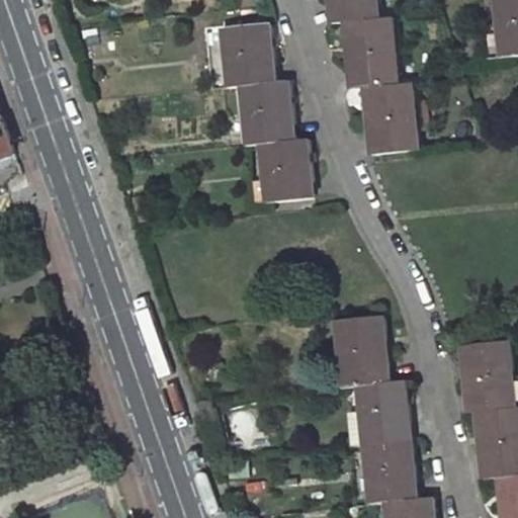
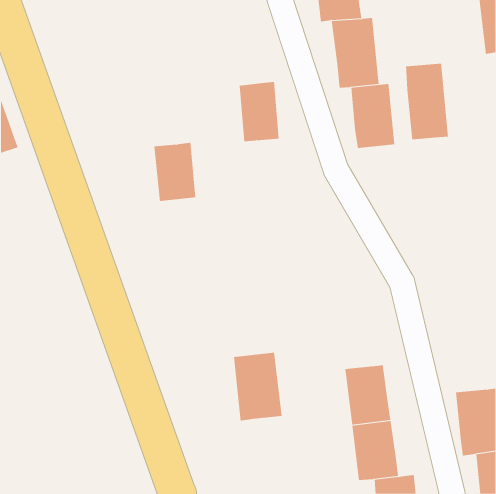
building: [227,26,275,90] -> none
building: none -> [406,63,449,140]
building: [267,143,312,204] -> [153,142,196,202]
building: [338,315,390,386] -> [233,352,283,421]
building: [456,338,508,410] -> none

